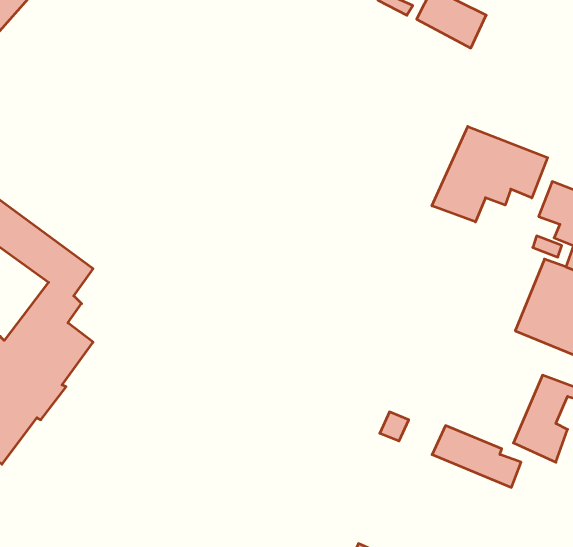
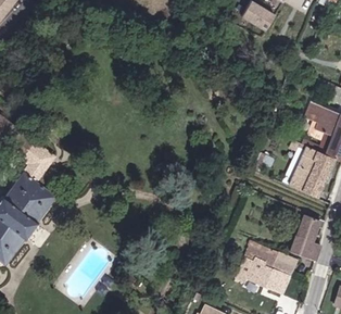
building: [432,126,548,222] -> none
building: none -> [235,258,289,293]

